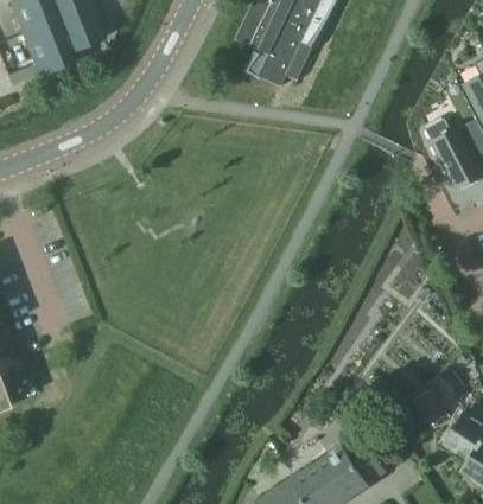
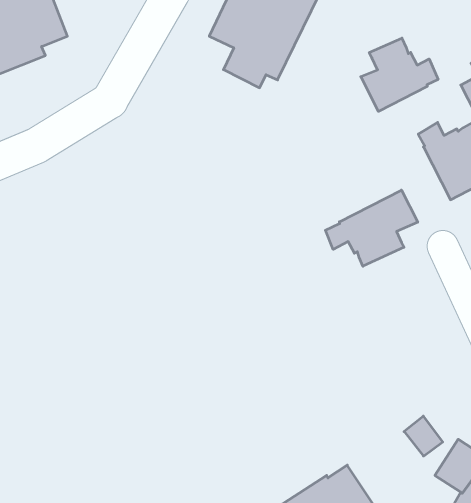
building: none -> [361,38,438,111]
building: none -> [325,190,418,266]

